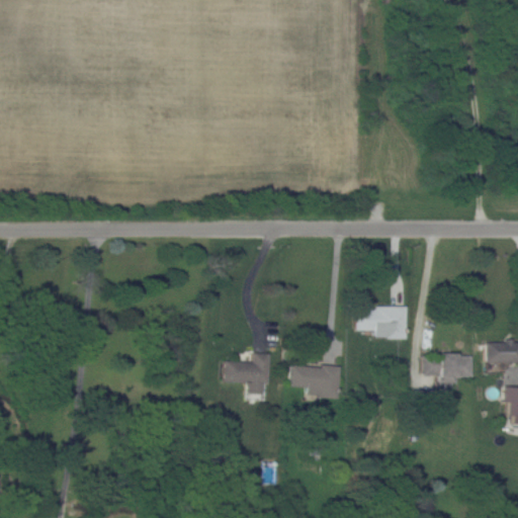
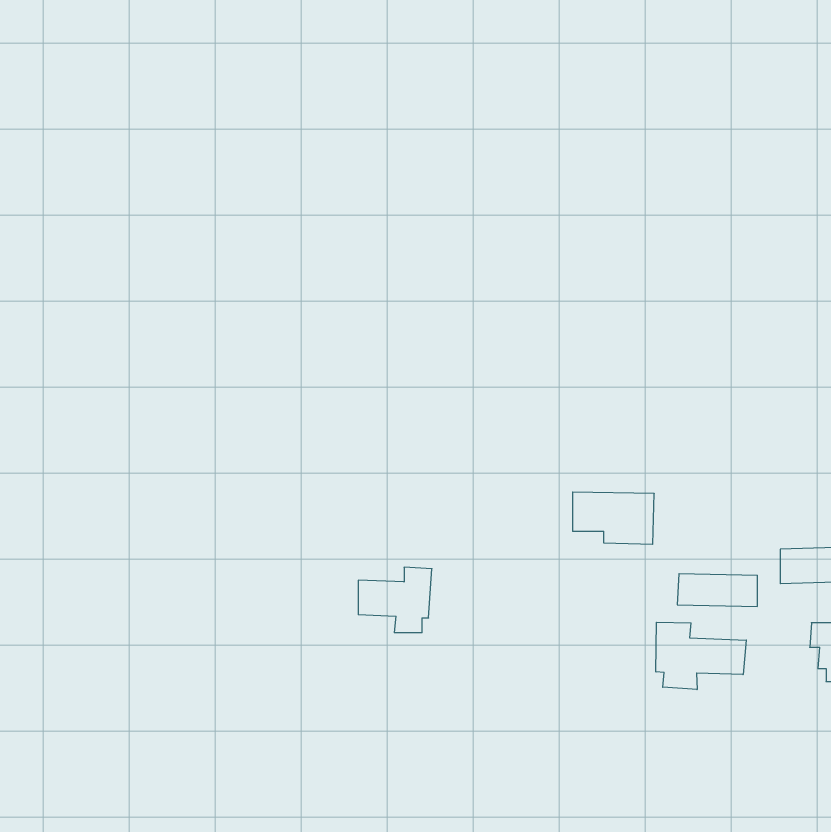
building: [288,364,341,399] -> none
building: none -> [656,622,746,690]

